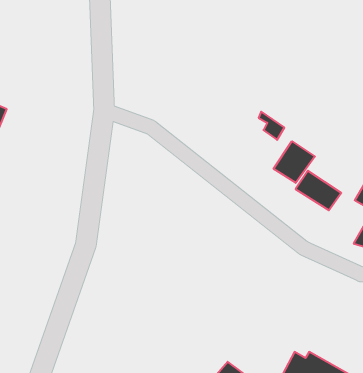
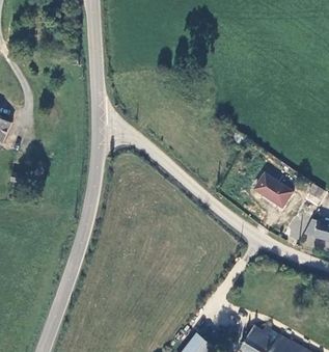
building: [274,141,315,183] -> none

